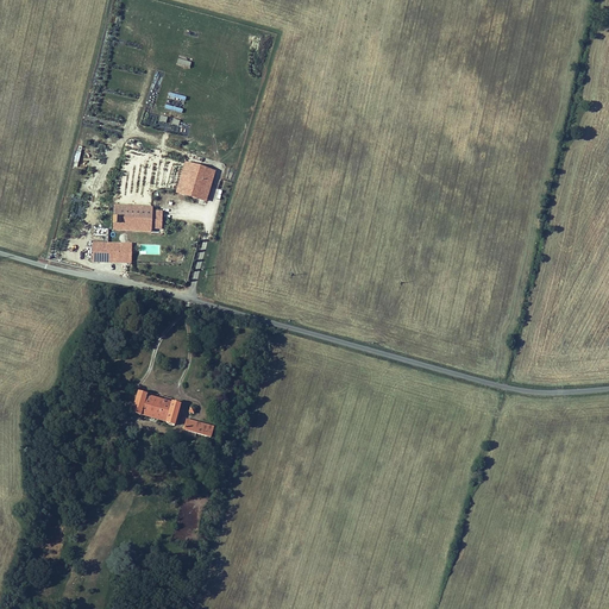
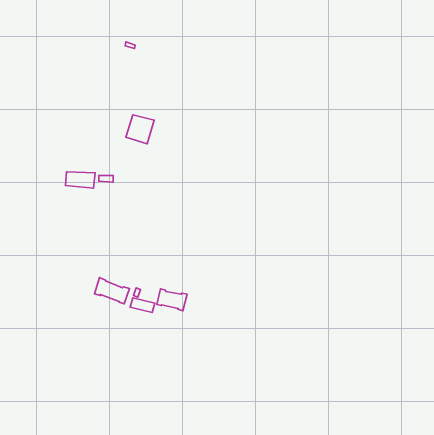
building: [111,205,163,231] -> none
building: none -> [157,289,187,311]

